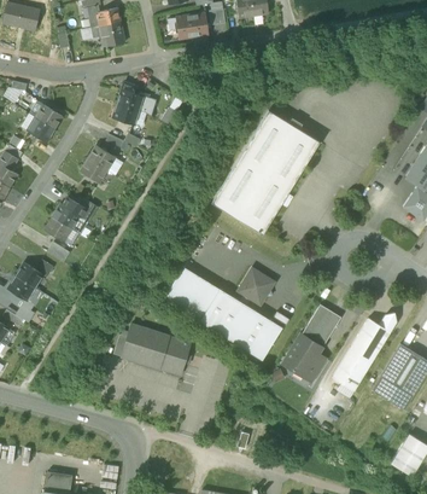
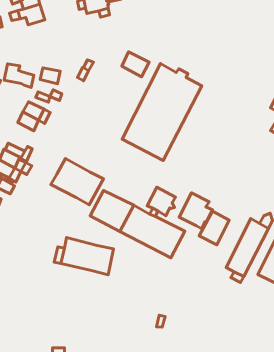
building: [117,82,156,115] -> [4,64,34,88]
building: none -> [122,52,149,77]
building: none -> [51,159,104,205]
building: [282,333,326,380] -> [179,193,213,229]

